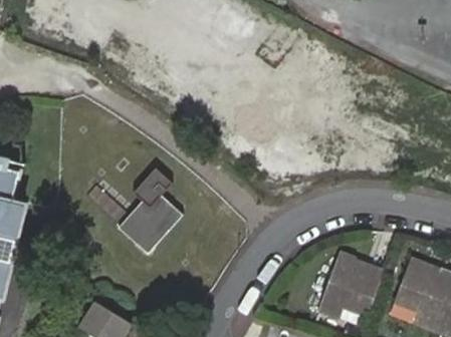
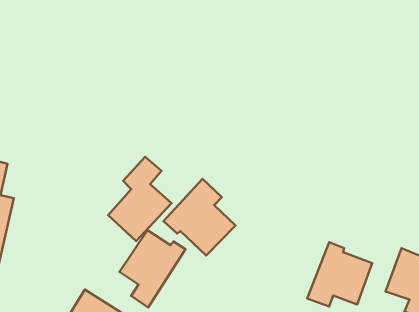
building: none -> [164,179,235,255]
building: none -> [120,230,186,308]

